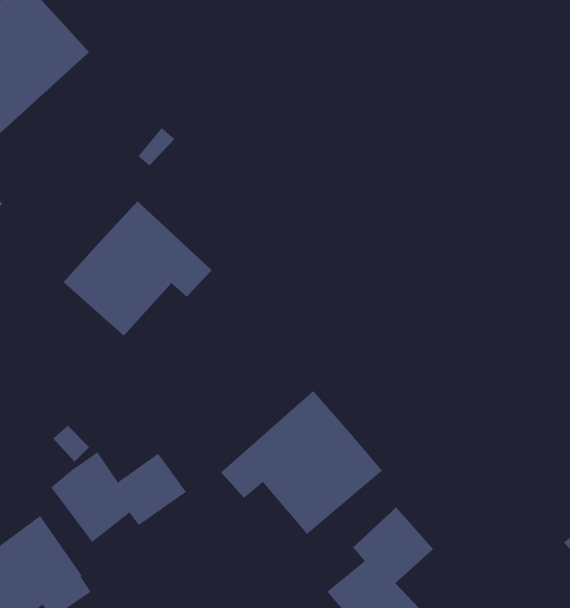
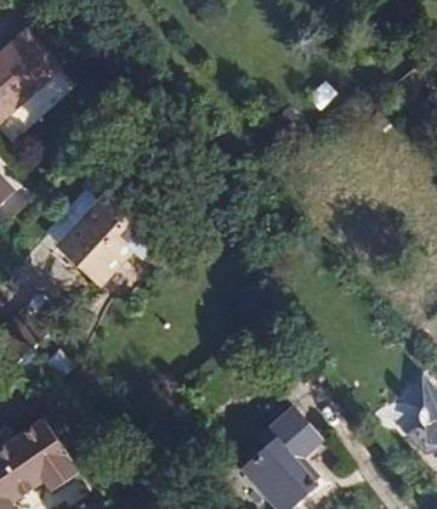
building: [220,390,383,535] -> none
building: [50,451,187,543] -> none

